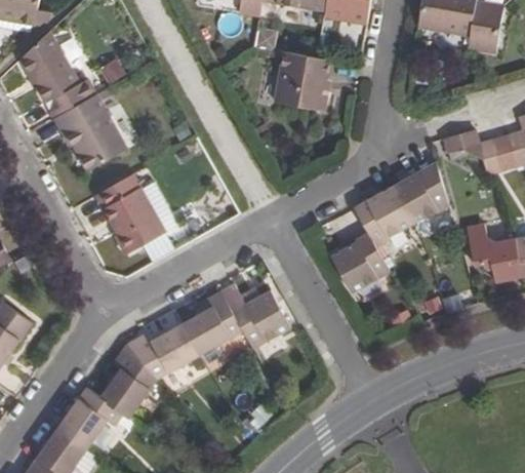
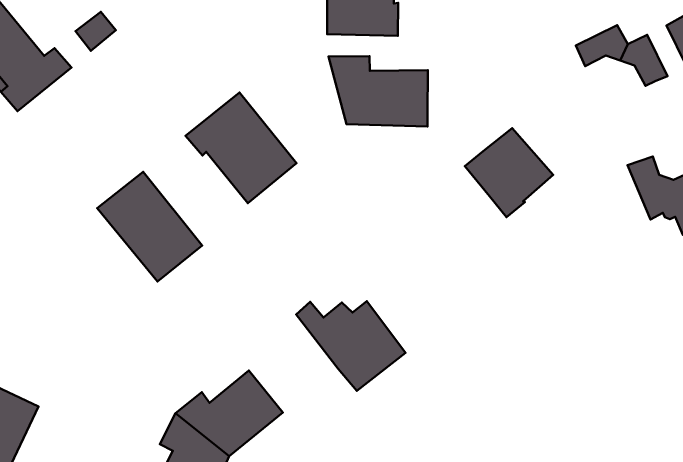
building: [53,93,126,170] -> [186,92,296,203]
building: none -> [329,56,428,127]
building: [391,161,449,224] -> none
building: [329,231,391,293] -> none
building: [181,289,243,355] -> none

